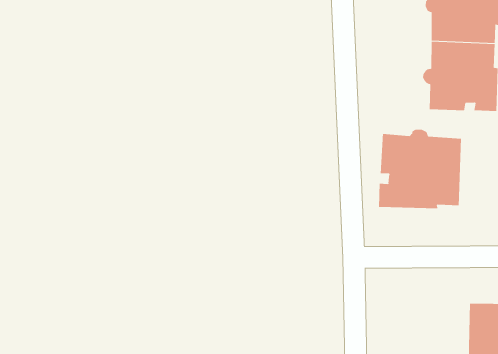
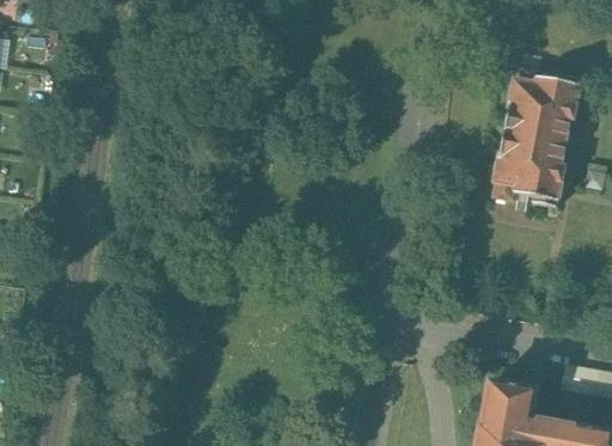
building: [378,129,461,209] -> none

